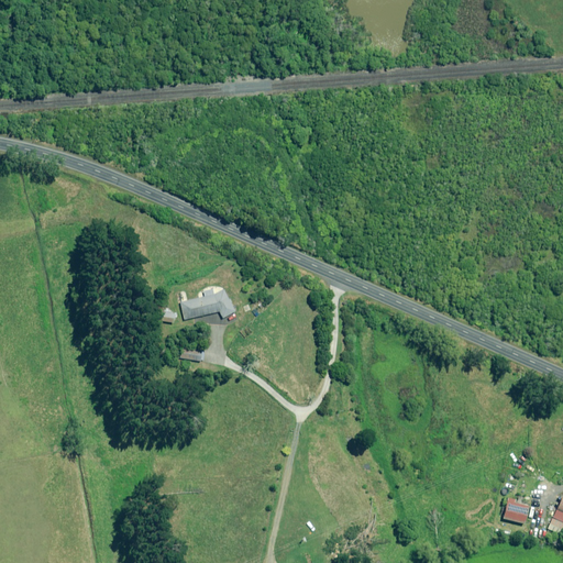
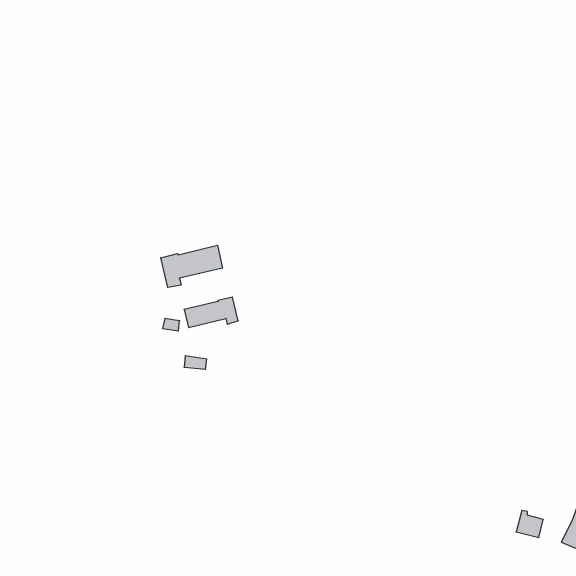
building: none -> [161,245,223,287]

